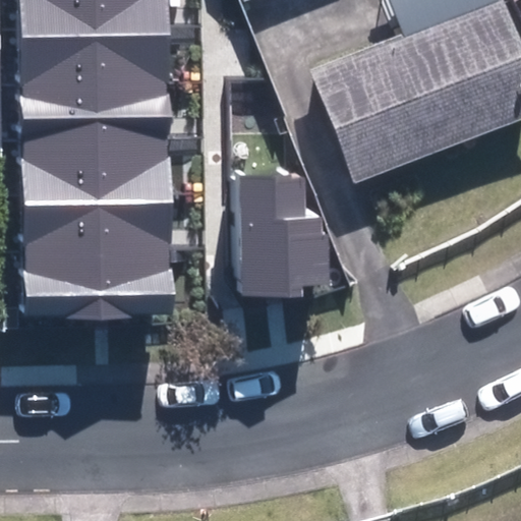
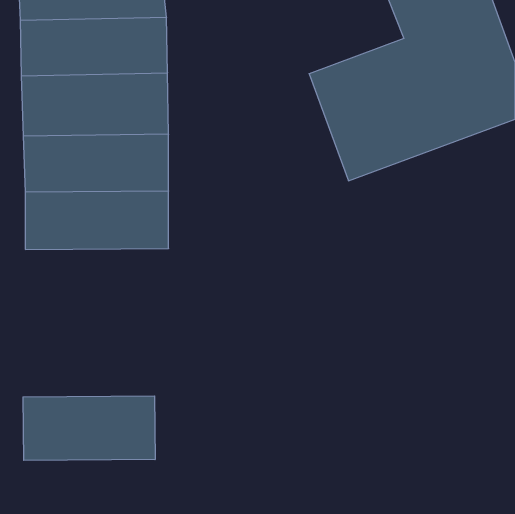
building: [242,174,327,290] -> none
building: [25,250,170,312] -> none
building: none -> [23,396,155,460]

